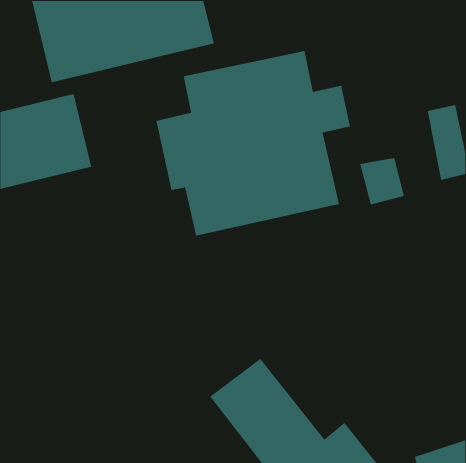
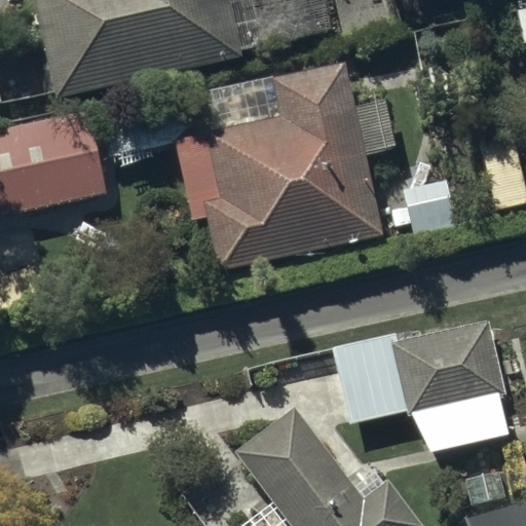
building: none -> [332,321,506,452]

